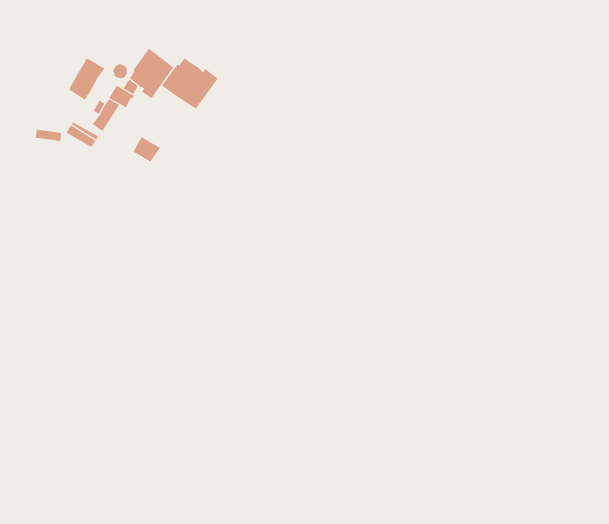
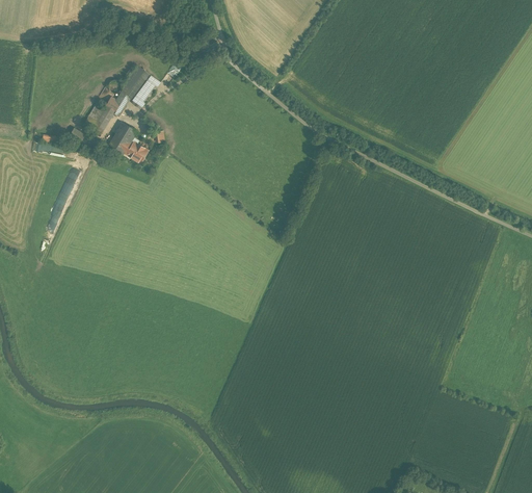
building: [68,57,105,101] -> [106,120,137,156]
building: [161,58,218,110] -> none

